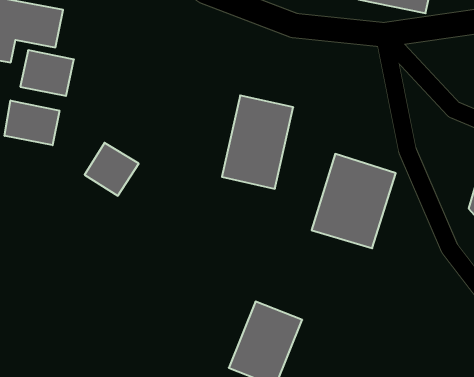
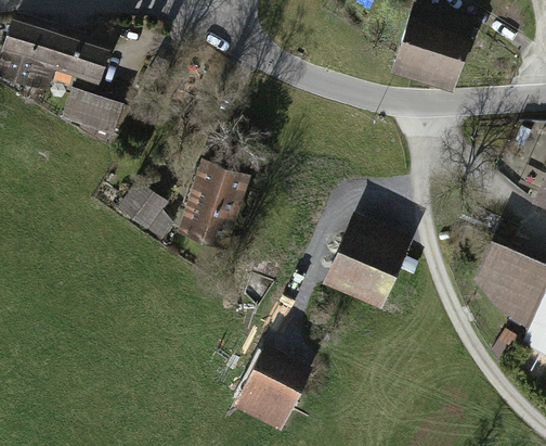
building: [222,95,293,189] -> [178,153,251,244]
building: [5,100,59,145] -> none

